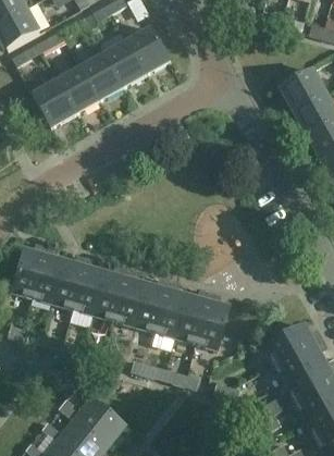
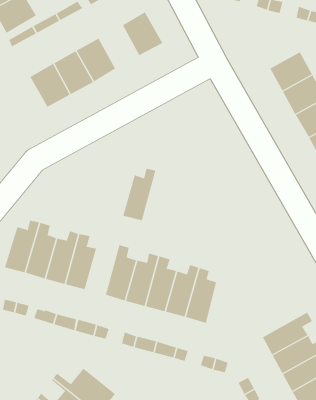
building: [107,42,148,87] -> none
building: [92,267,127,321] -> [122,168,156,221]
building: [264,324,322,365] -> none

